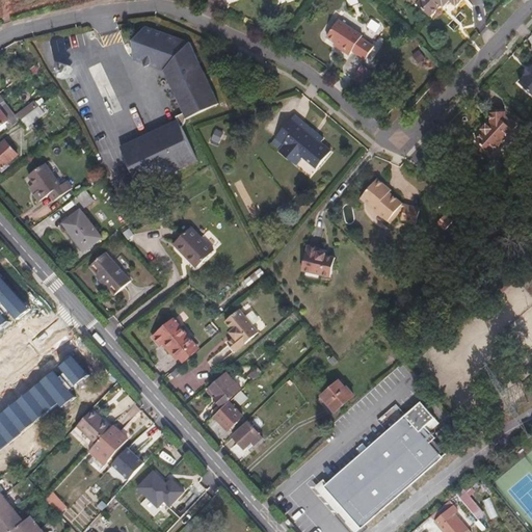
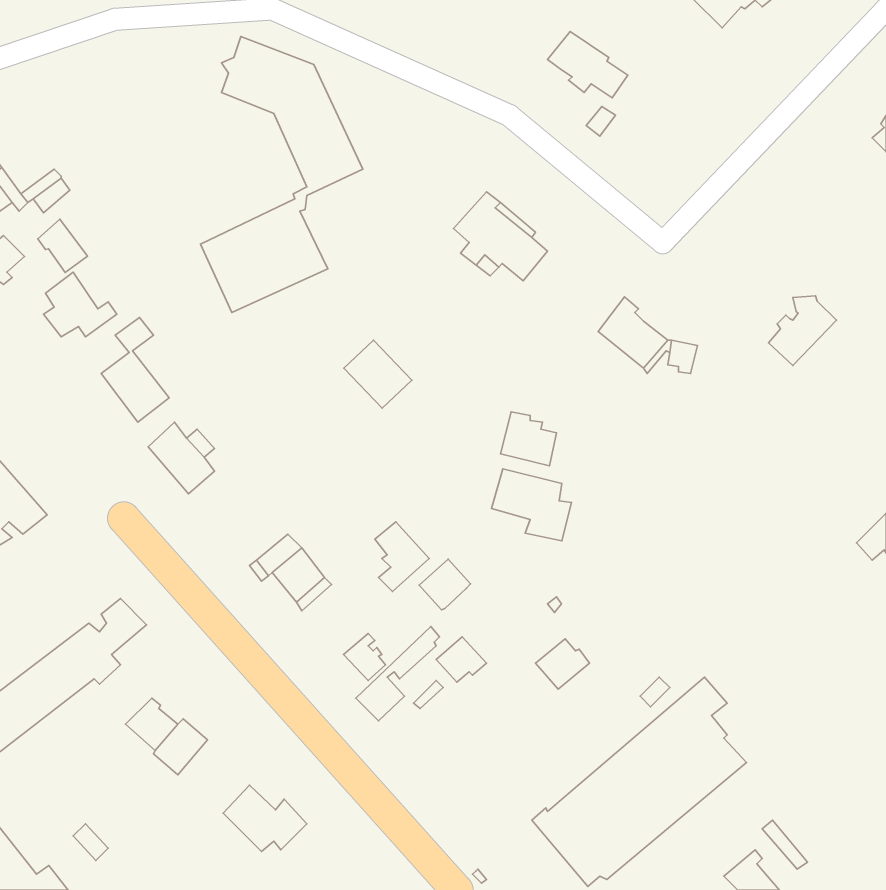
building: [476,111,516,153] -> [768,296,836,366]
building: none -> [38,219,88,272]
building: [171,227,212,267] -> [344,340,412,408]
building: none -> [491,469,571,541]
building: none -> [419,559,470,610]
building: [231,422,261,449] -> [436,637,487,682]
building: [111,445,144,478] -> none

